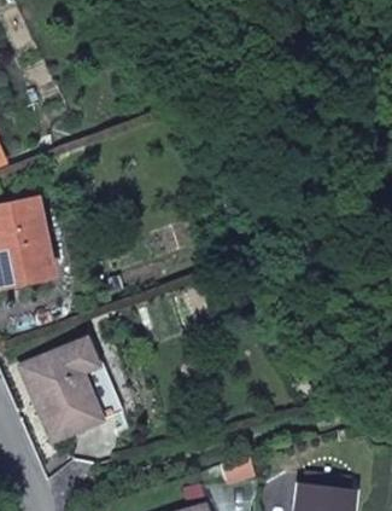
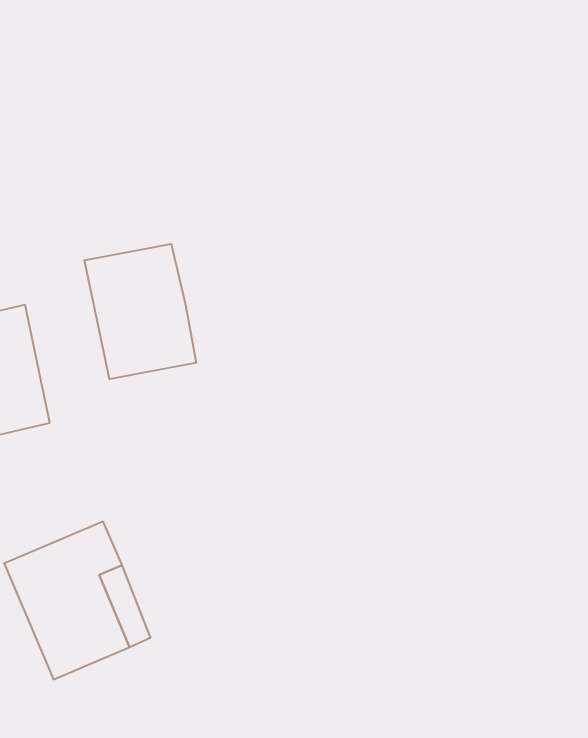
building: none -> [84,244,196,379]

